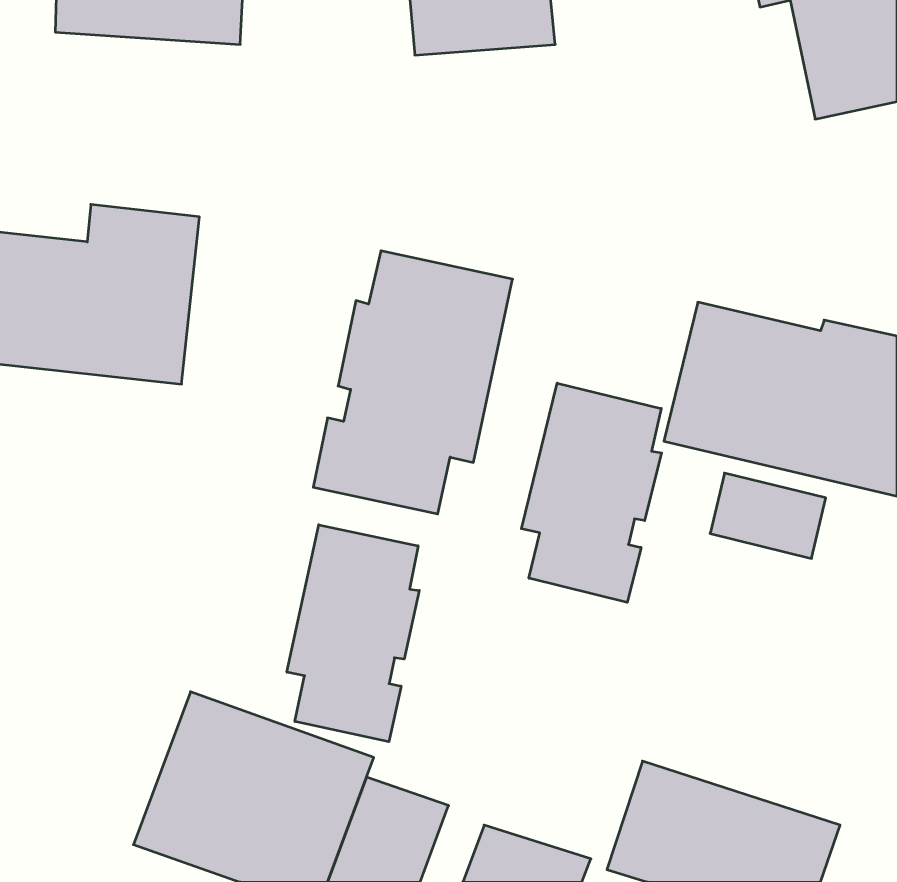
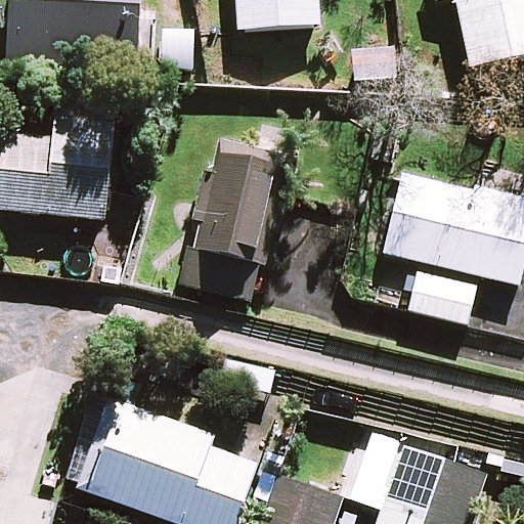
building: [521,383,662,602] -> none
building: [287,525,419,742] -> none

